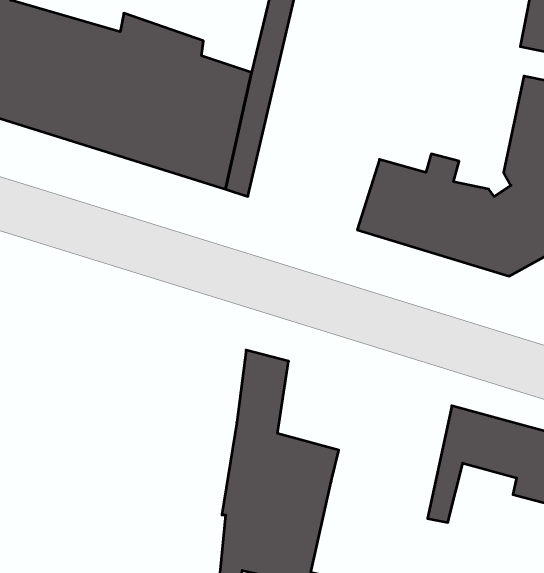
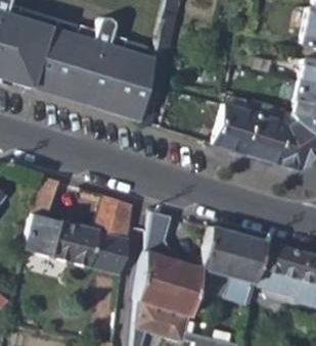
building: none -> [26,175,131,273]
building: none -> [198,227,265,303]

